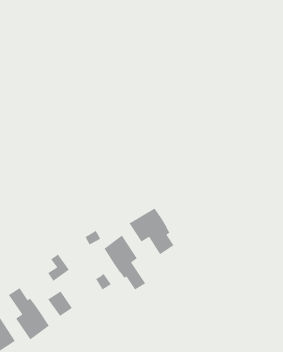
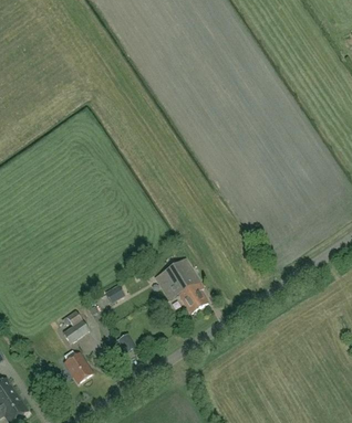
building: [104,235,146,291] -> none
building: [8,287,50,341] -> none

